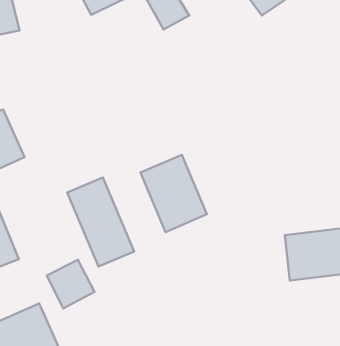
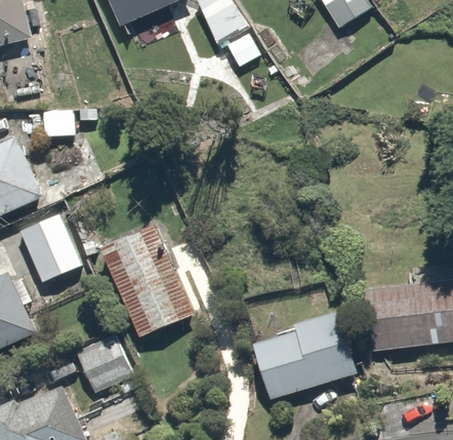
building: [140,155,207,232] -> none
building: none -> [19,211,89,284]
building: none -> [250,312,361,398]

